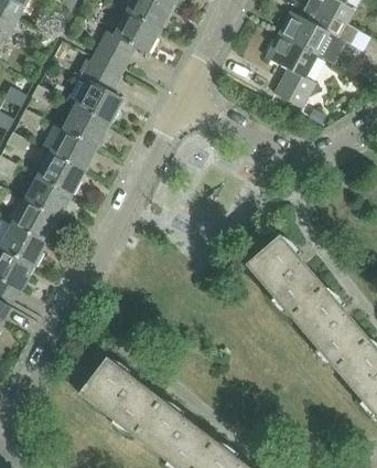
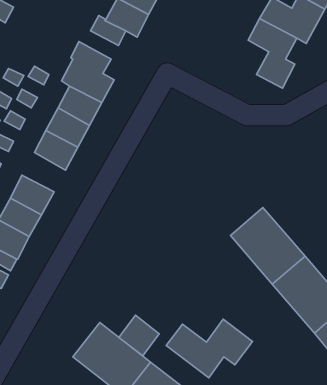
building: [24,176,71,217] -> none
building: none -> [119,315,159,356]
building: none -> [166,319,253,378]

